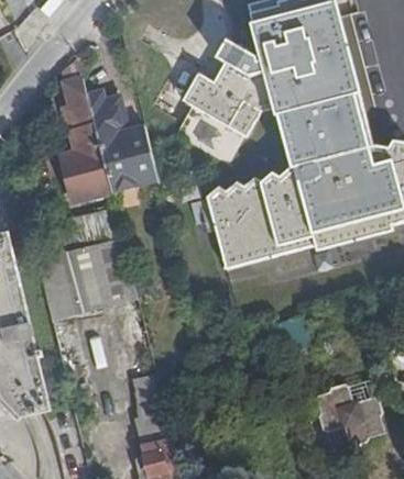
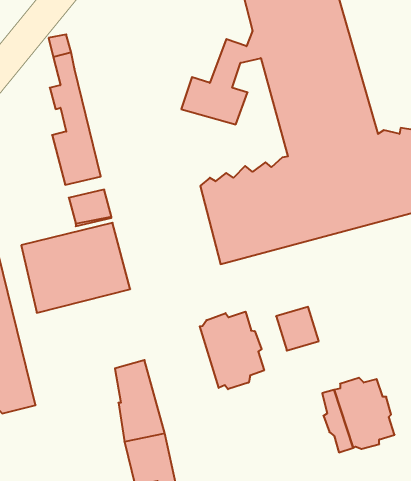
building: [86,90,161,193] -> none
building: none -> [200,312,264,389]

